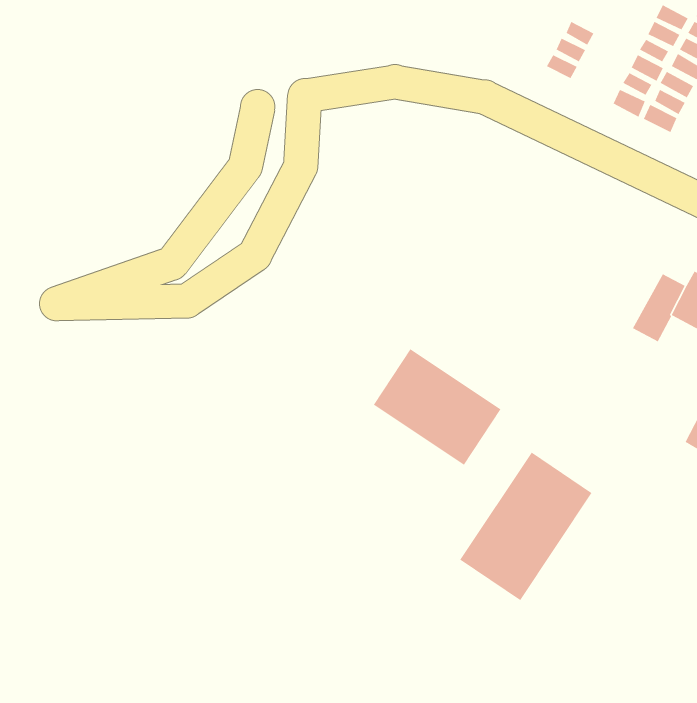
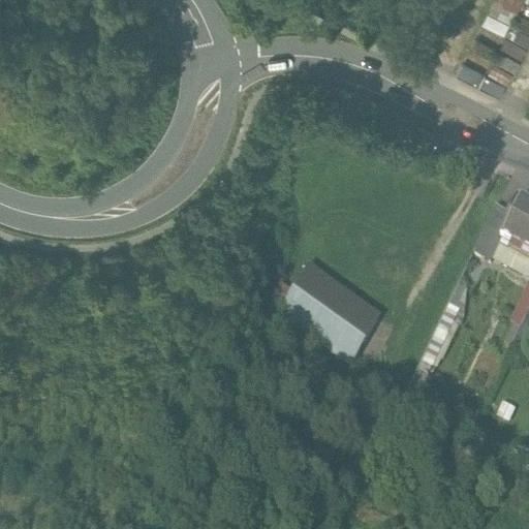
building: [459,451,593,601] -> none

